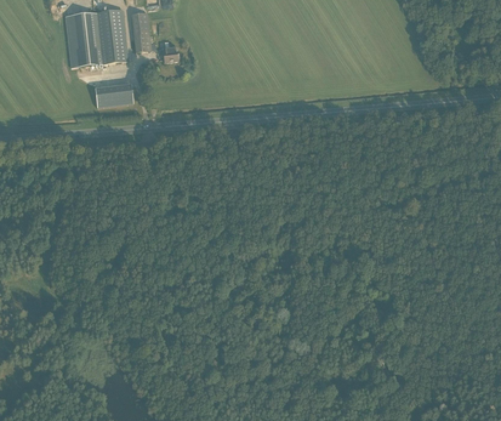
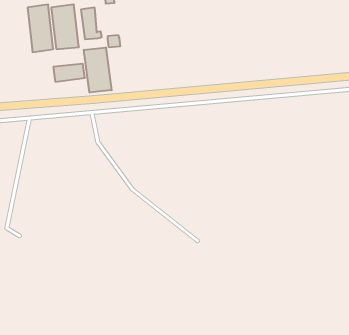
building: none -> [84,47,112,93]

